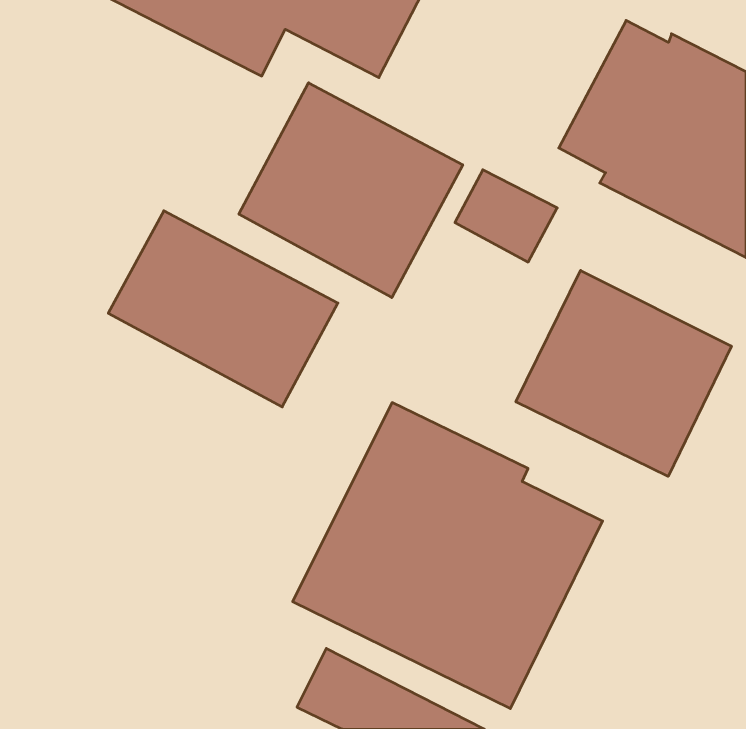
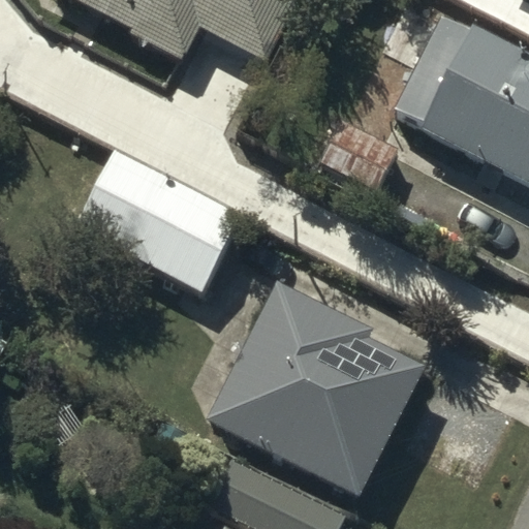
building: [239,83,463,298] -> none
building: [516,270,731,476] -> none

